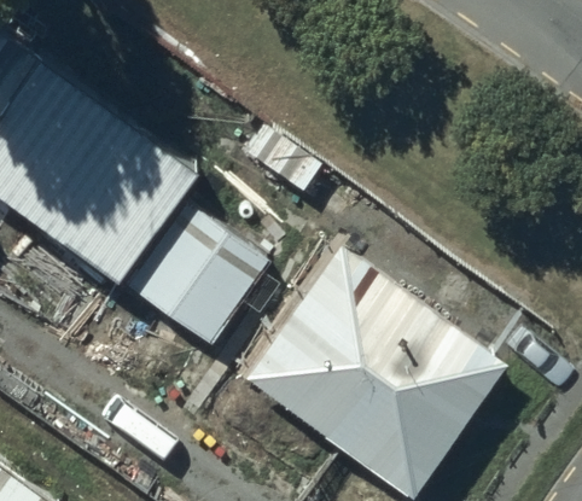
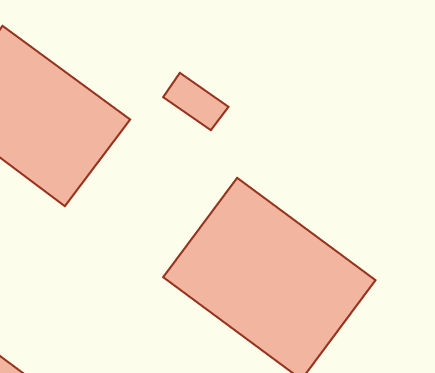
building: [127,204,277,351] -> none

